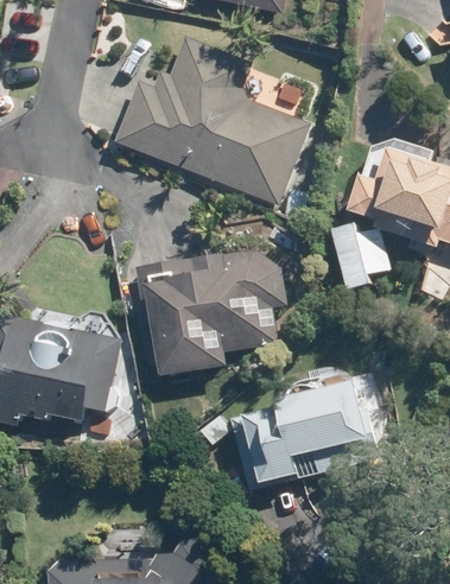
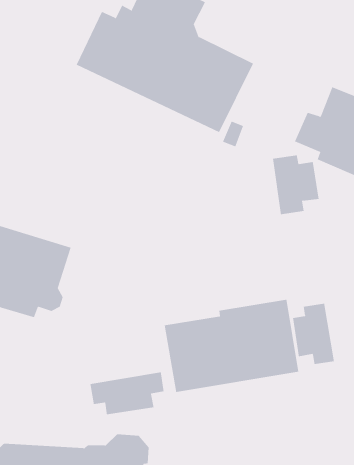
building: [127,252,279,379] -> none
building: none -> [293,303,334,365]
building: none -> [90,371,164,415]

